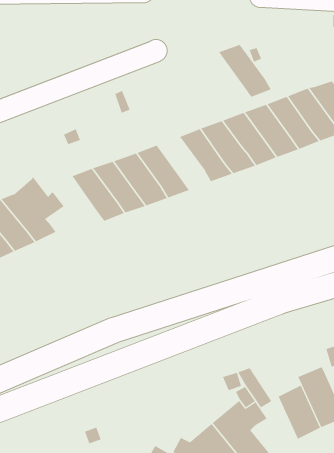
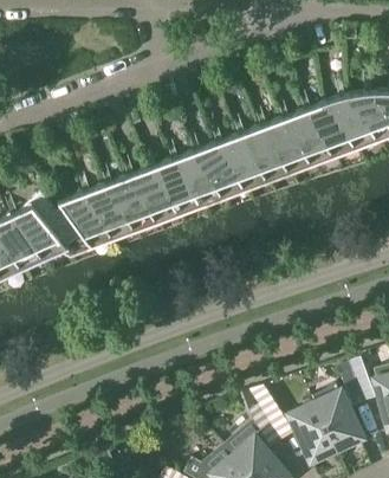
building: [218,44,272,97] -> [169,153,223,207]
building: none -> [56,193,115,250]

